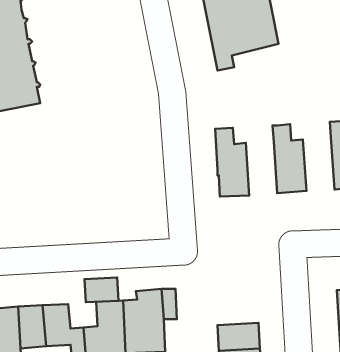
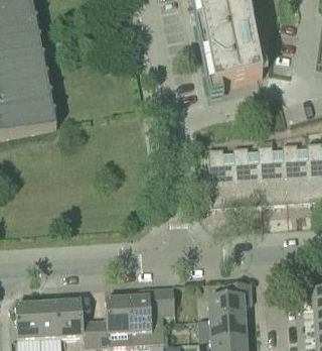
building: none -> [282,141,310,201]
building: none -> [232,144,261,205]
building: [85,278,118,302] -> none
building: none -> [207,280,251,317]

